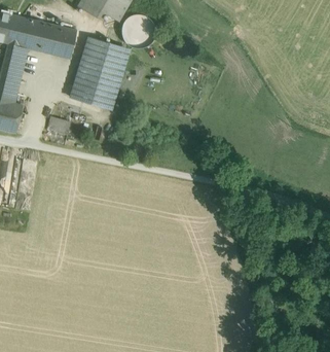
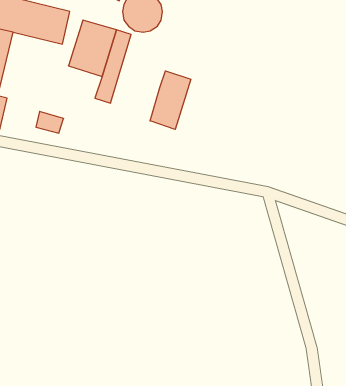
building: [70,76,104,104] -> none
building: none -> [150,71,191,129]

